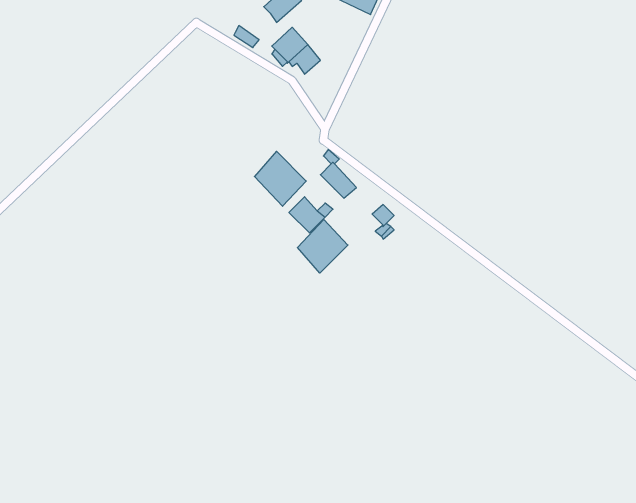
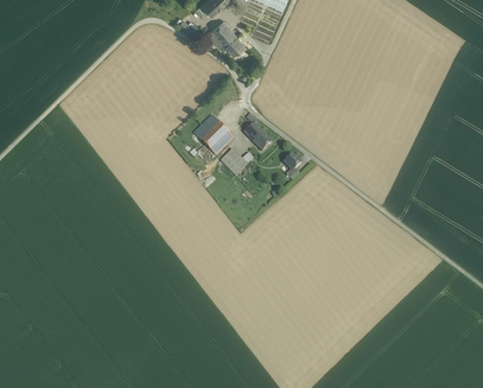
building: [297,220,348,273] -> none

